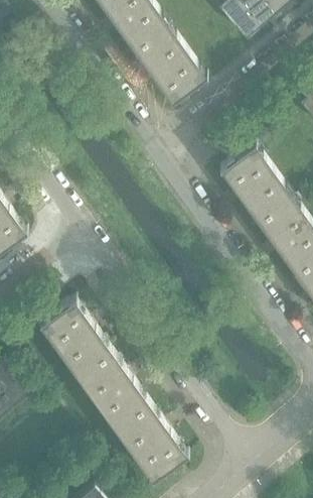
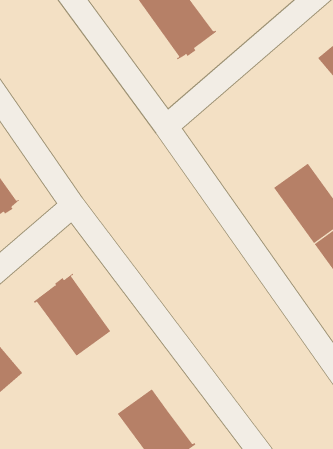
building: [217,145,290,222] -> none
building: [77,353,147,428] -> none

